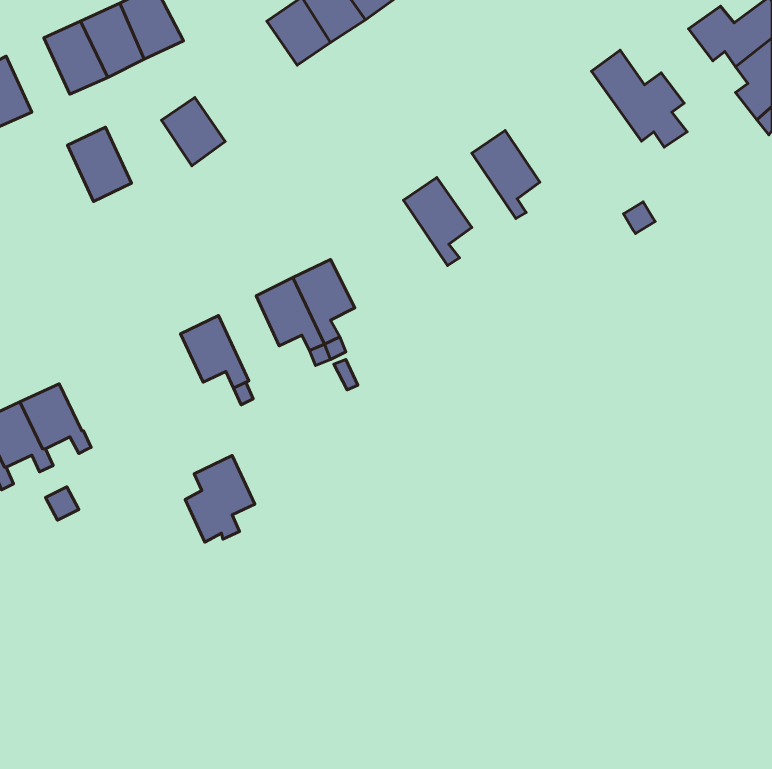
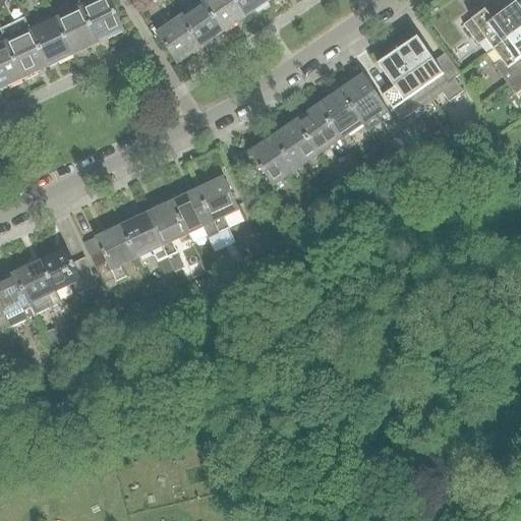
building: none -> [378,48,430,116]
building: [161,98,225,166] -> [157,14,199,60]
building: none -> [339,72,392,122]
building: [68,127,131,201] -> [4,25,47,75]
building: none -> [293,103,346,153]
building: none -> [248,134,300,184]
building: none -> [147,198,187,255]
building: none -> [40,244,98,289]
building: [185,456,255,542] -> [90,224,136,282]

